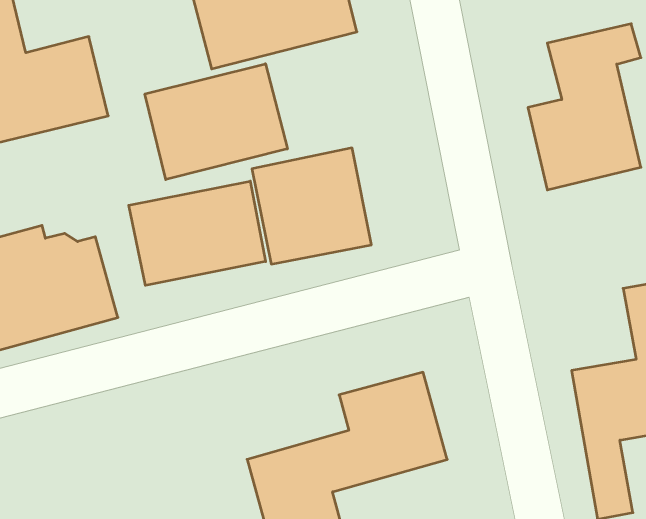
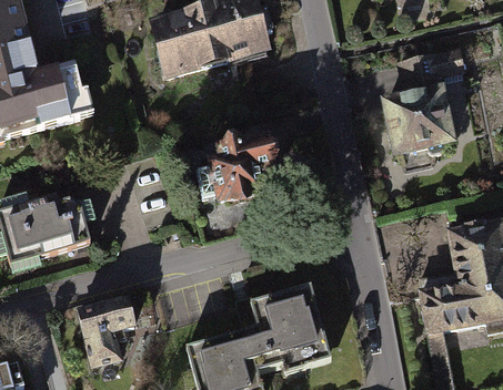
building: [145,64,287,180] -> none
building: [129,181,266,285] -> none
building: none -> [76,297,140,367]

